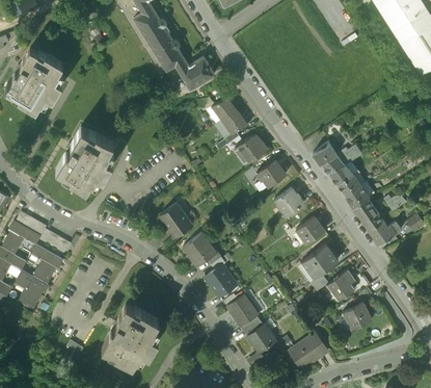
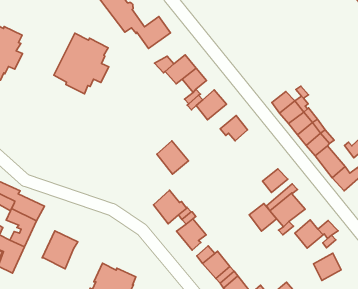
building: [55,126,113,189] -> [54,33,109,94]
building: [274,190,304,219] -> none
building: [160,205,192,239] -> [157,141,189,174]
building: none -> [249,203,277,231]
building: none -> [42,231,78,269]

